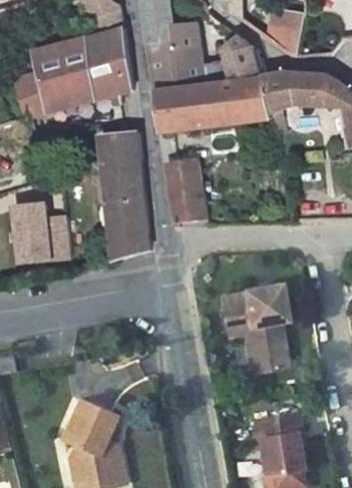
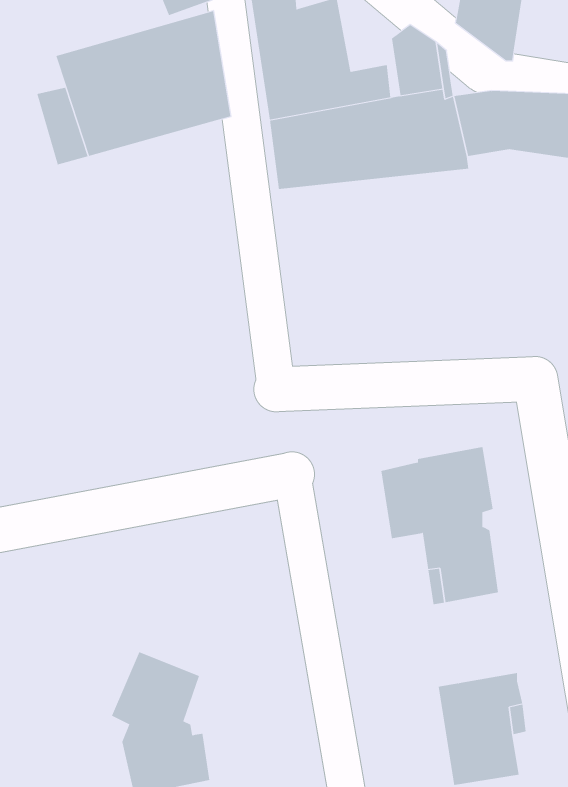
building: [100,130,150,252] -> none
building: [166,157,206,221] -> none
building: [13,202,70,266] -> none

